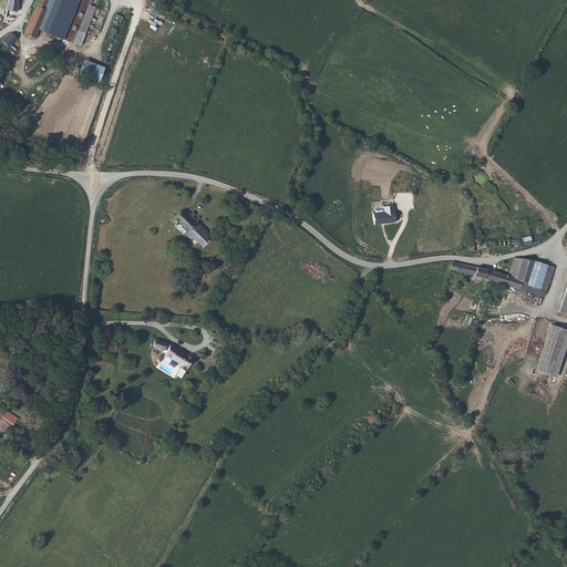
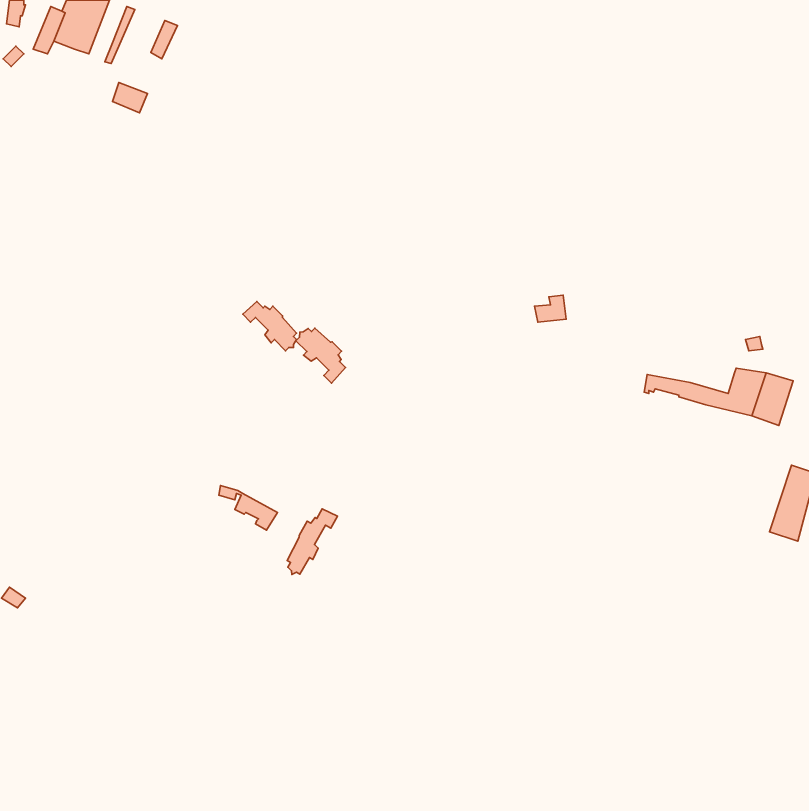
building: none -> [296,328,346,383]
building: none -> [287,509,338,574]

